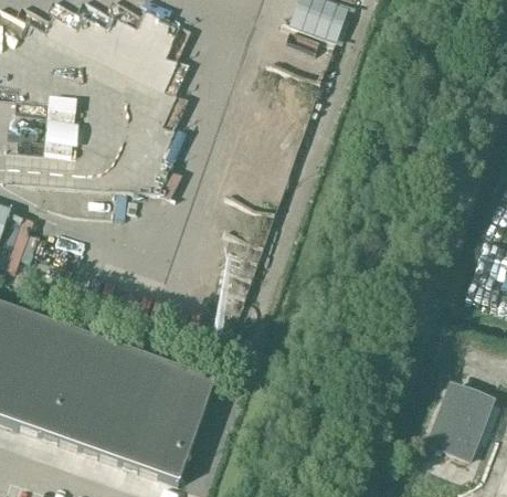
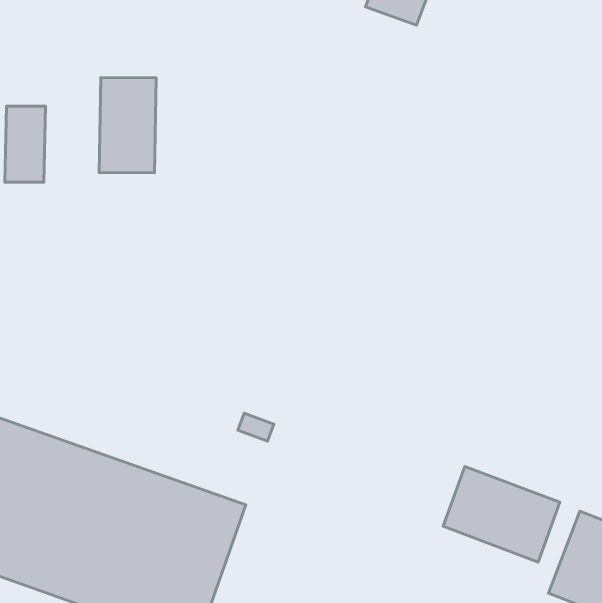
building: none -> [99,78,156,173]
building: none -> [443,466,560,562]

